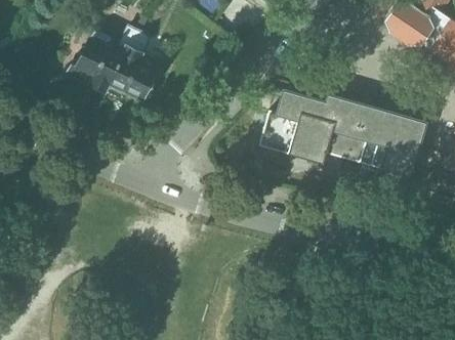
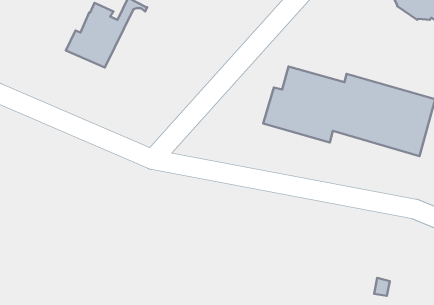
building: [105,33,164,99] -> none

